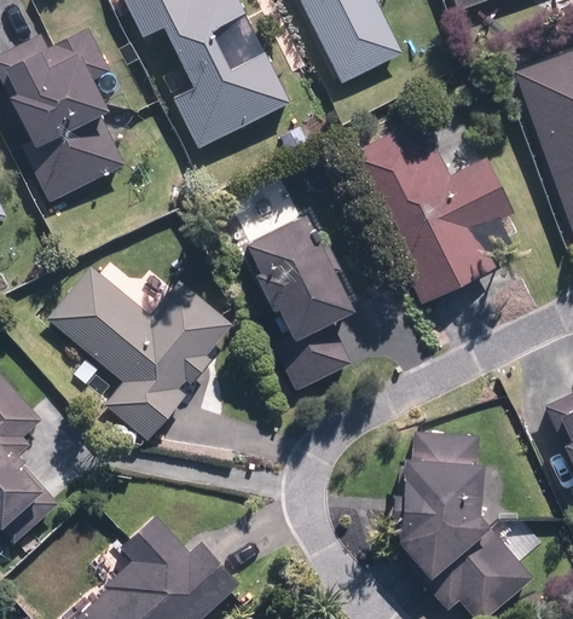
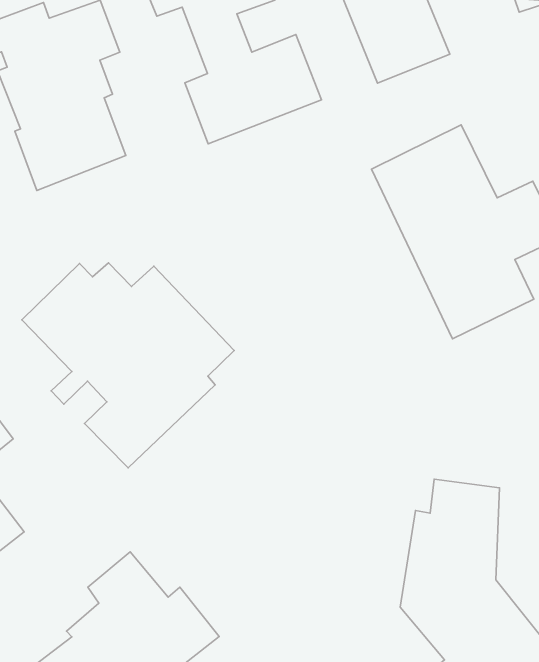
building: [245,215,358,391] -> none

